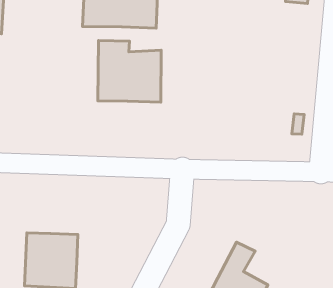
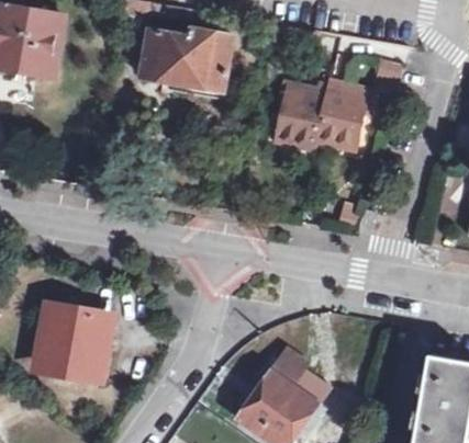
building: none -> [279,83,371,151]
building: [98,41,161,102] -> none

